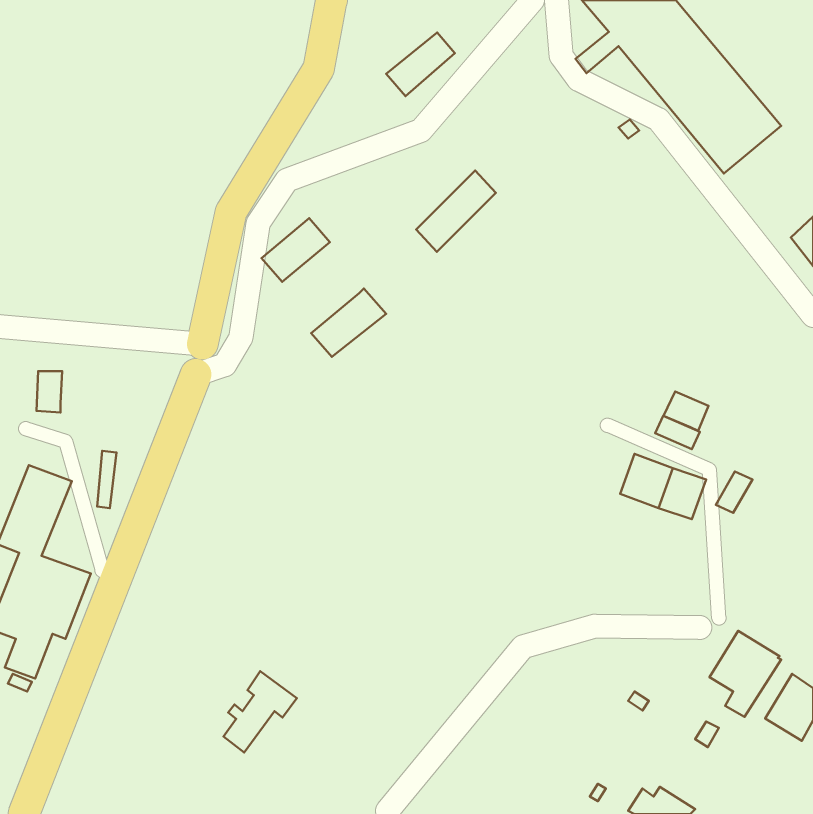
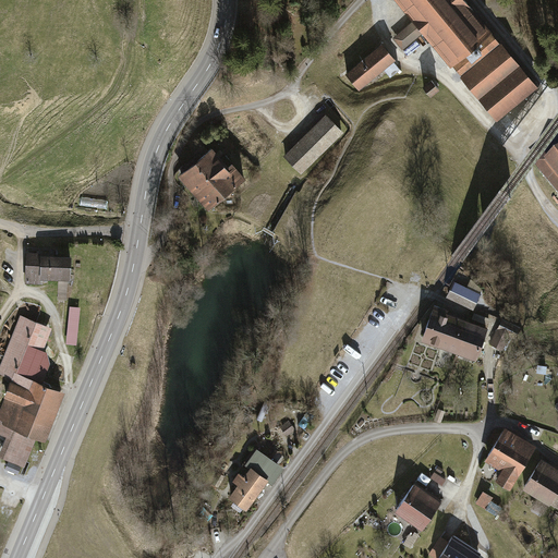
building: [386,32,455,96] -> [347,47,393,90]
building: [311,288,386,357] -> [193,162,244,209]
building: none -> [41,254,70,277]
building: [664,392,708,431] -> none
building: [223,671,297,752] -> [231,451,281,507]
building: none -> [397,486,438,526]

